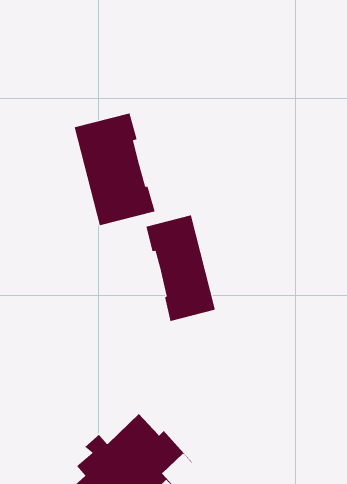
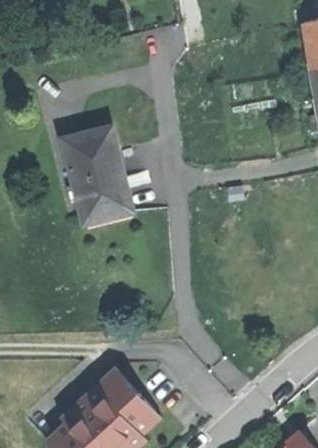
building: [146,215,216,322] -> none

